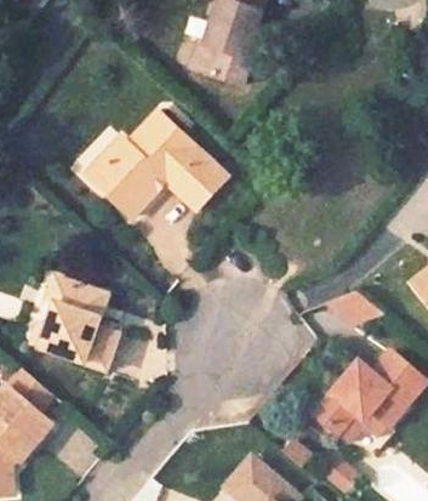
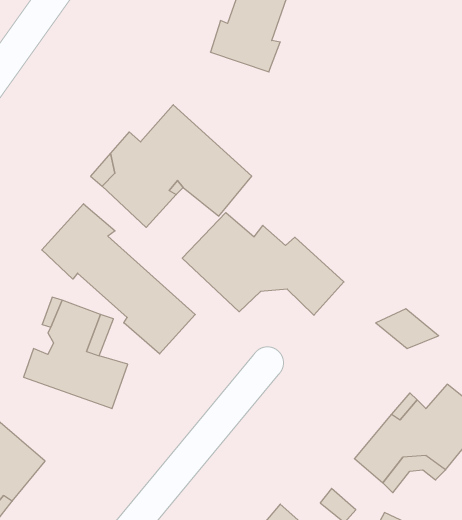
building: none -> [42,204,195,354]
building: none -> [182,213,344,315]

